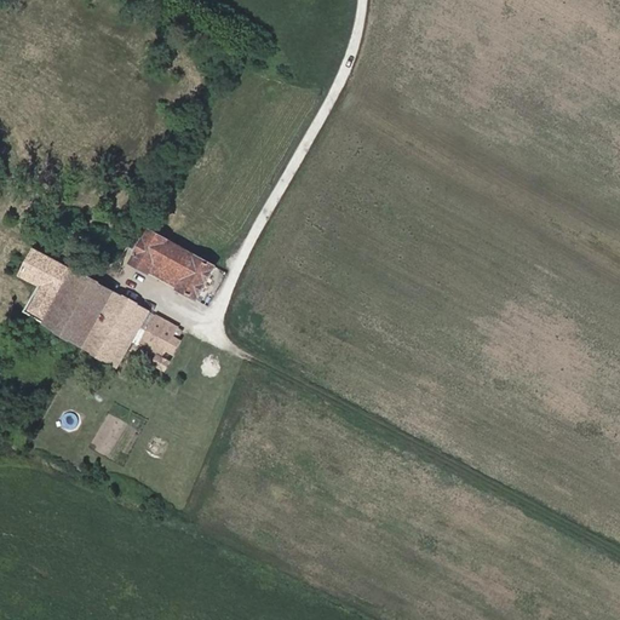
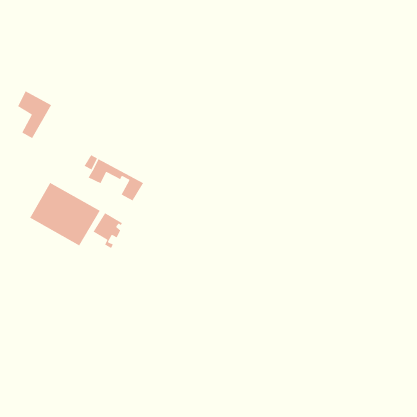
building: [22,247,74,320] -> [17,90,52,139]
building: [149,256,190,288] -> none

